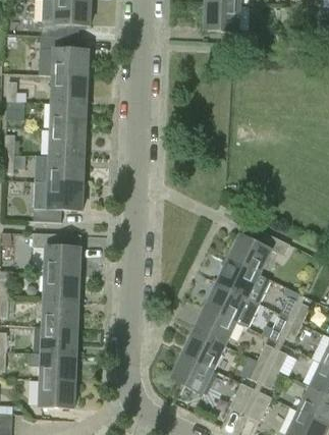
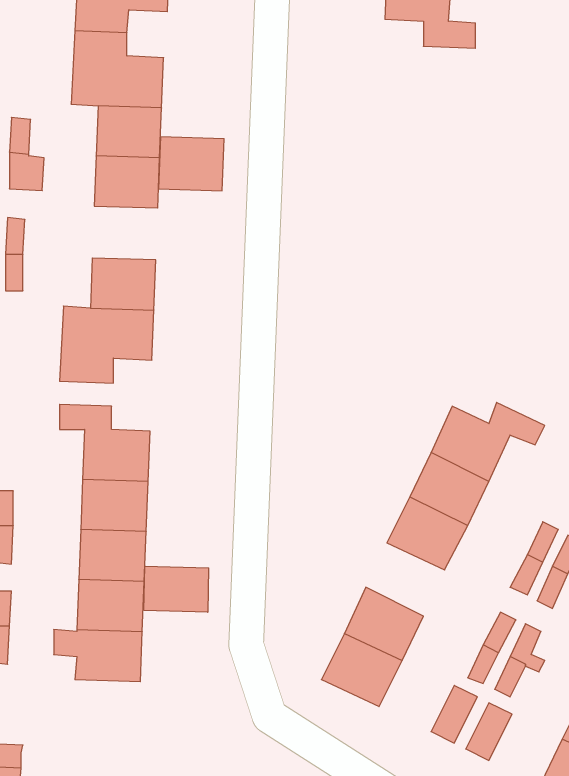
building: [50,127,85,156] -> [159,137,224,191]
building: [195,306,236,344] -> none
building: none -> [144,566,209,612]
building: [40,378,75,406] -> none

